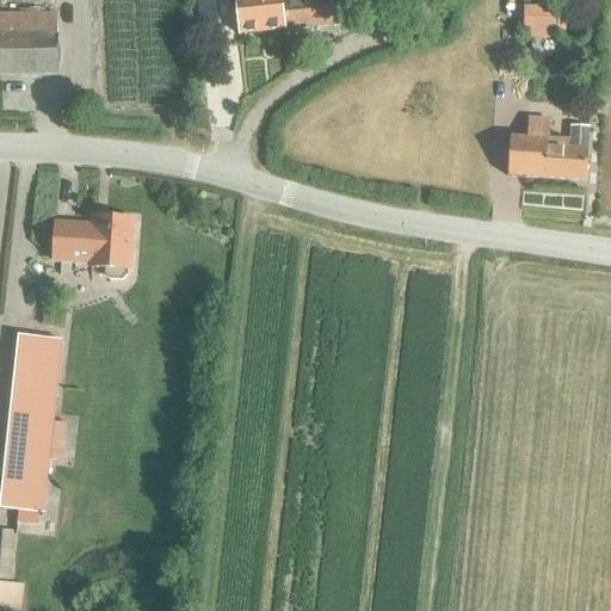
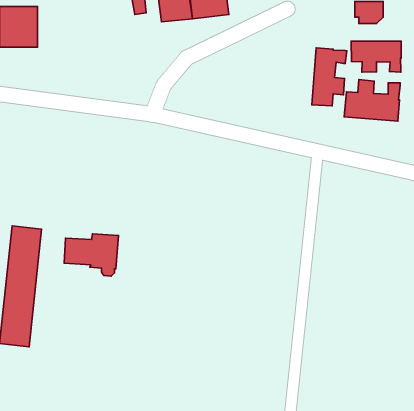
building: none -> [351,41,401,72]
building: none -> [312,48,347,106]
building: [50,215,130,277] -> [64,234,118,276]

